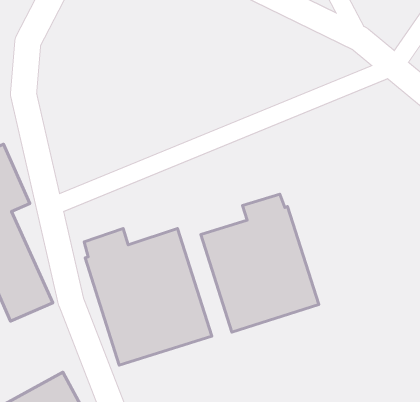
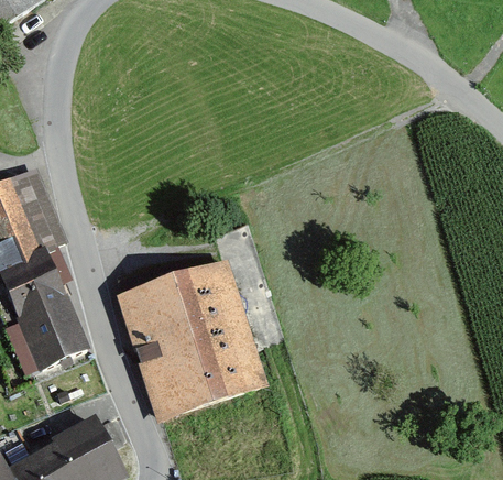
building: [201,194,319,332] -> none

